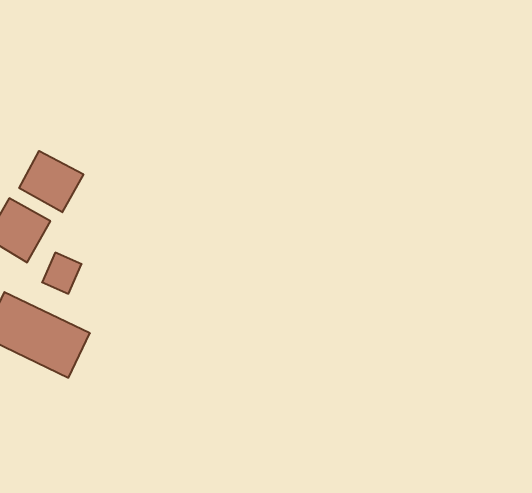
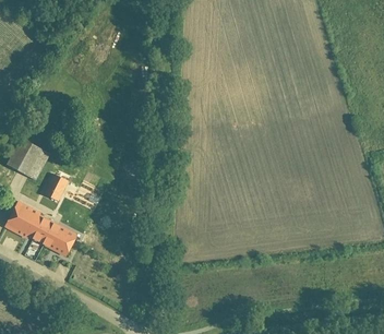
building: [19,151,83,212] -> none

